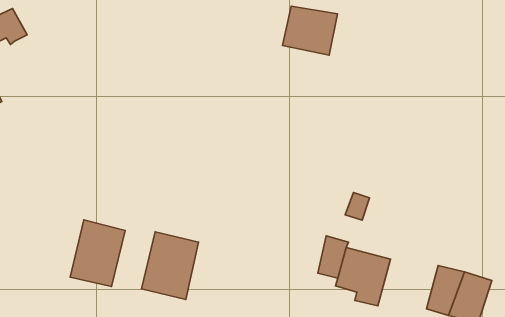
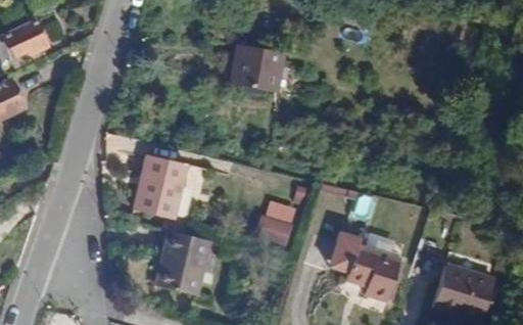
building: [283,6,337,55] -> [230,42,283,89]
building: none -> [264,201,300,247]
building: [70,220,125,287] -> [135,153,188,218]

